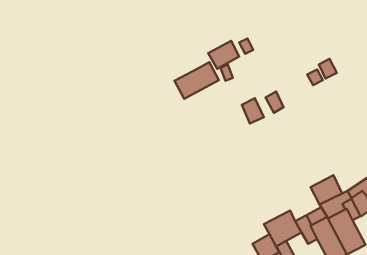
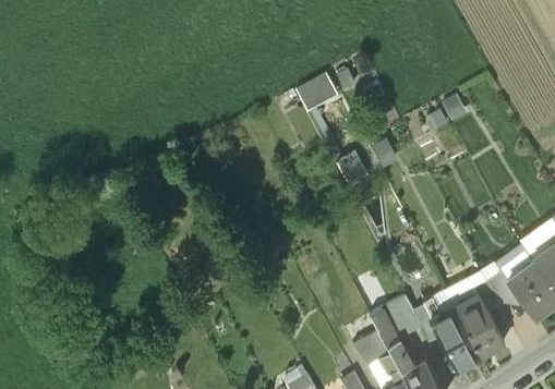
building: [174,62,219,99] -> none
building: [310,175,342,205] -> none

